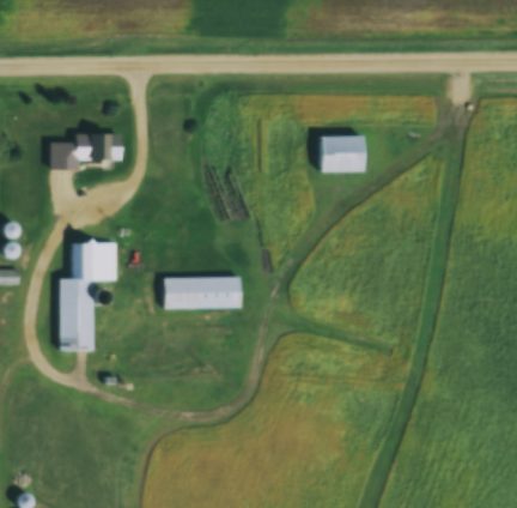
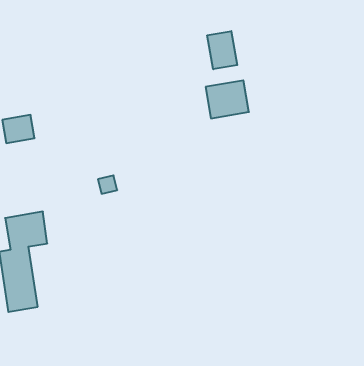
building: none -> [207,31,237,69]
building: [163,278,241,309] -> none

